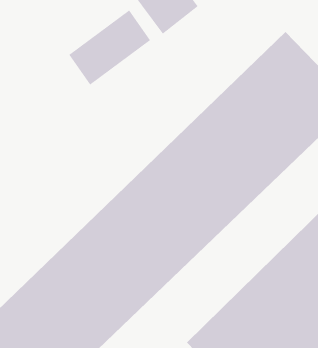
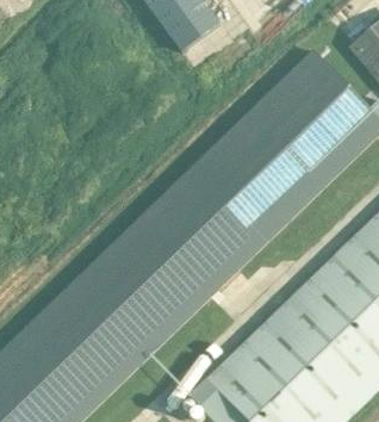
building: [68,10,151,86] -> none

